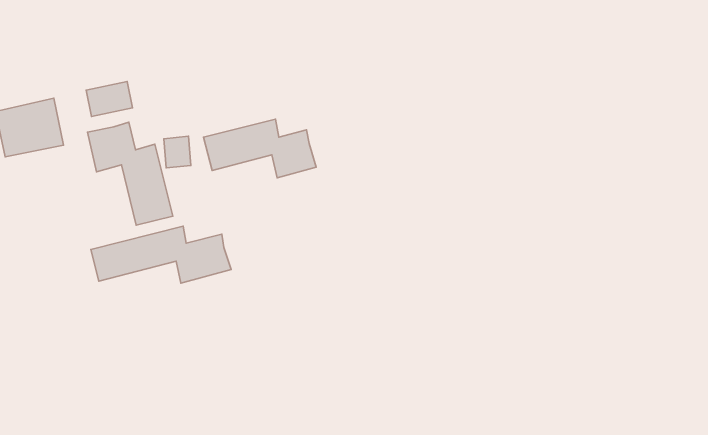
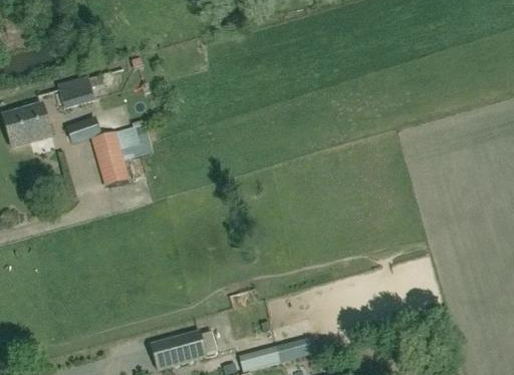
building: [204,119,316,178] -> none
building: [91,226,231,283] -> none

